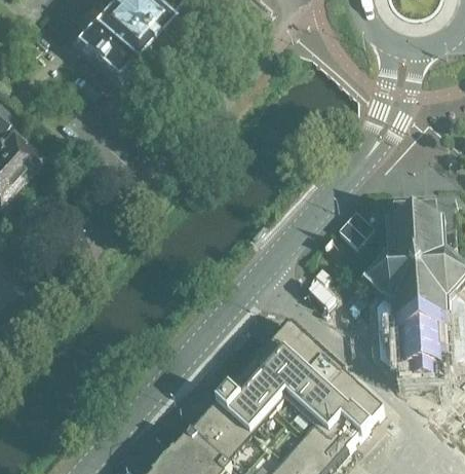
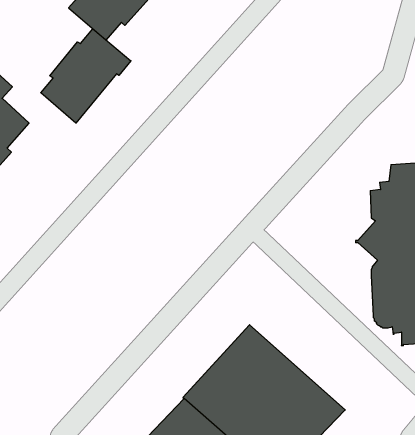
building: none -> [41,29,131,123]
building: [256,322,382,443] -> none

